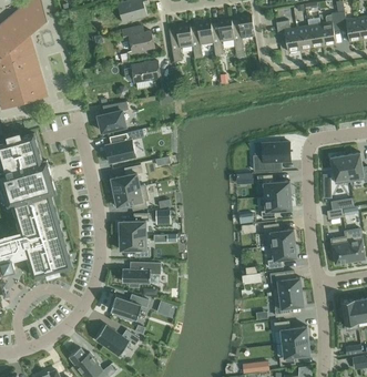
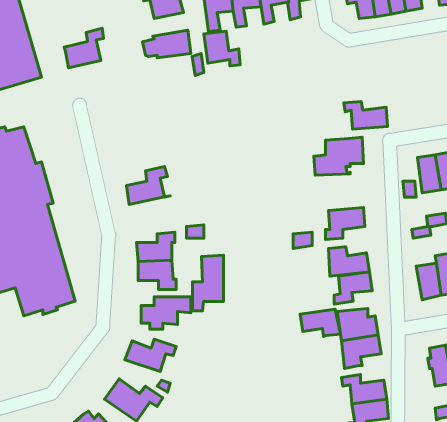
building: none -> [204,31,240,66]
building: [98,102,128,132] -> [64,28,104,68]
building: [105,134,135,163] -> none
building: [257,176,290,197] -> [344,101,388,129]
building: [113,186,147,210] -> none
building: none -> [192,255,223,311]
building: none -> [300,309,341,336]

